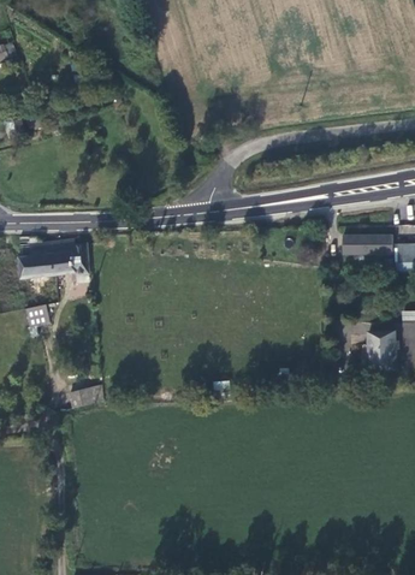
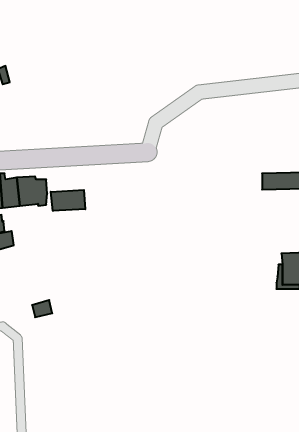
building: none -> [51,190,85,211]

